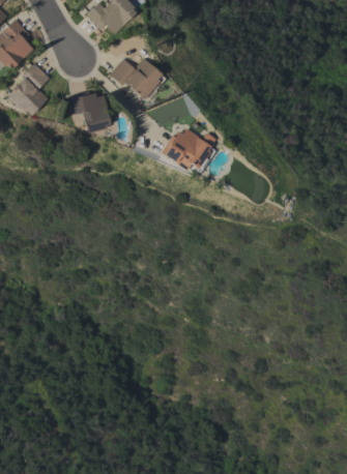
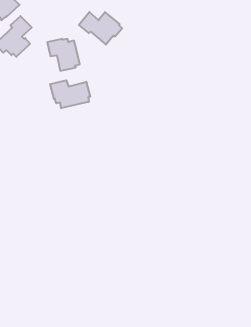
building: [161,127,215,173] -> none
building: none -> [50,80,90,108]

